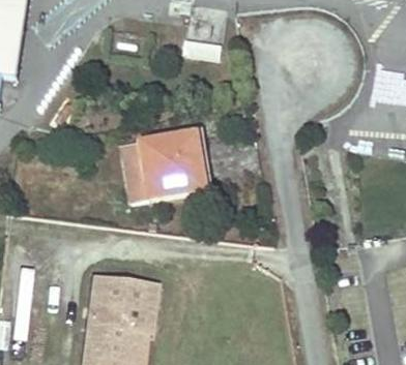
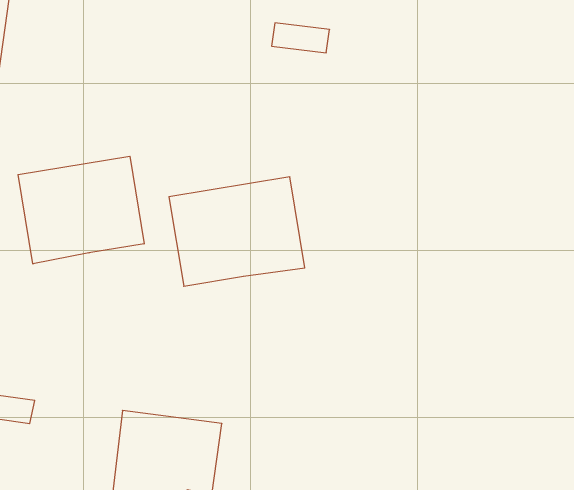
building: none -> [18,156,144,264]

